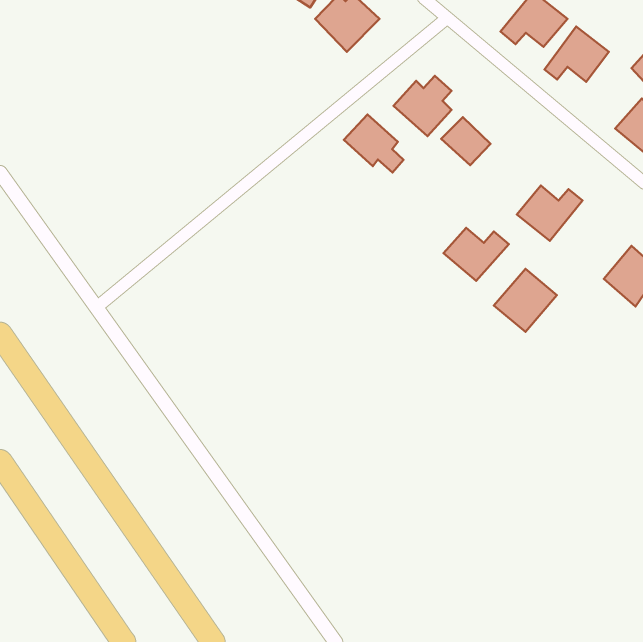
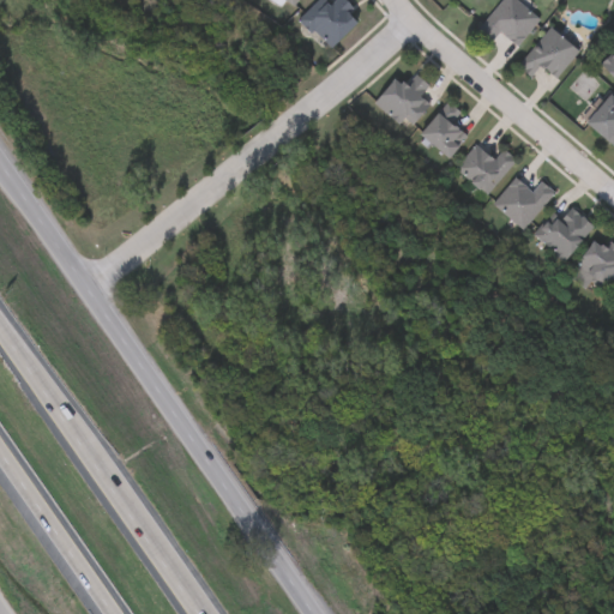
building: [344,114,404,173] -> none
building: [443,228,509,281] -> [456,144,518,194]
building: [494,269,557,332] -> [535,201,595,261]

